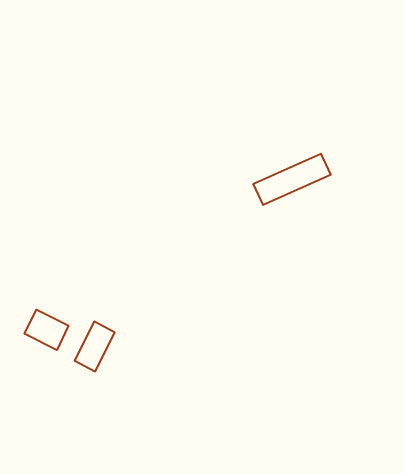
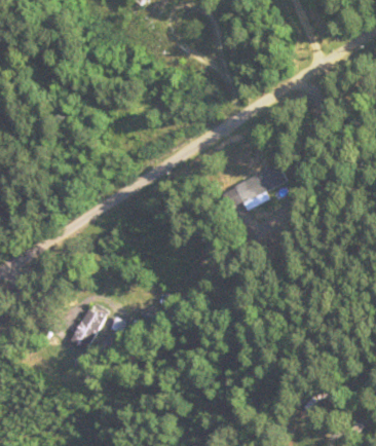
building: [25,310,68,350] -> none

